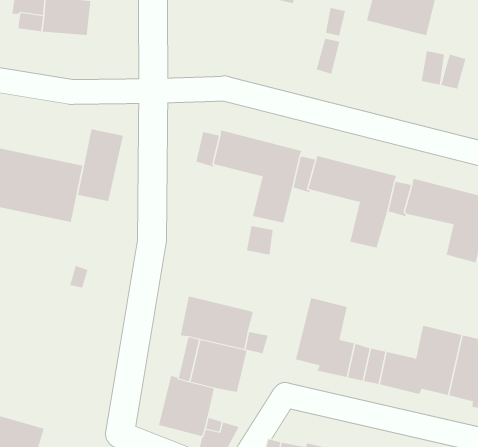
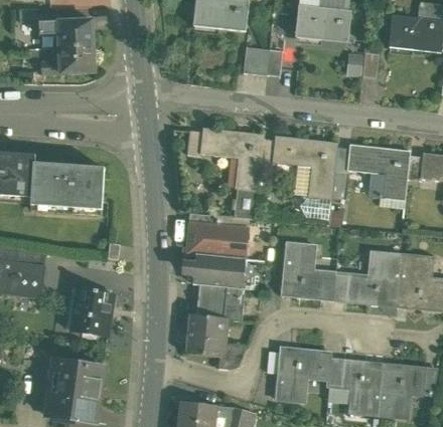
building: none -> [244,46,270,73]
building: [77,128,123,202] -> none
building: none -> [188,223,248,258]
building: none -> [72,286,113,335]

